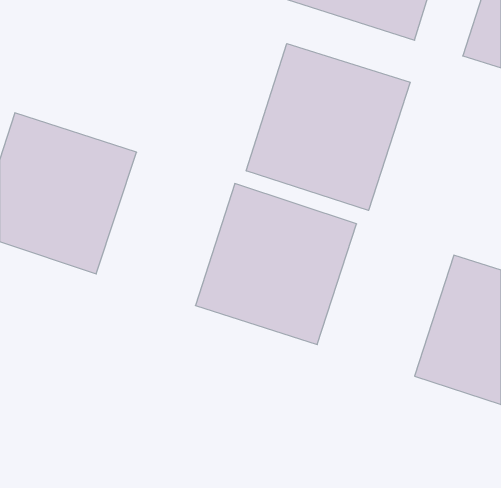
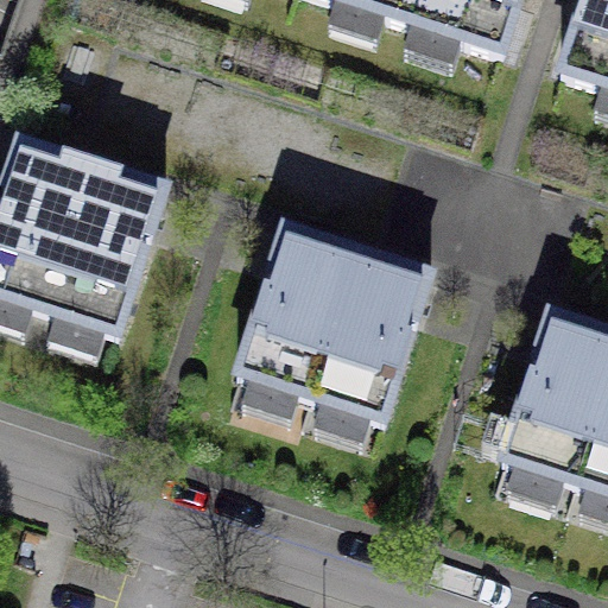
building: [246,44,410,210] -> none

